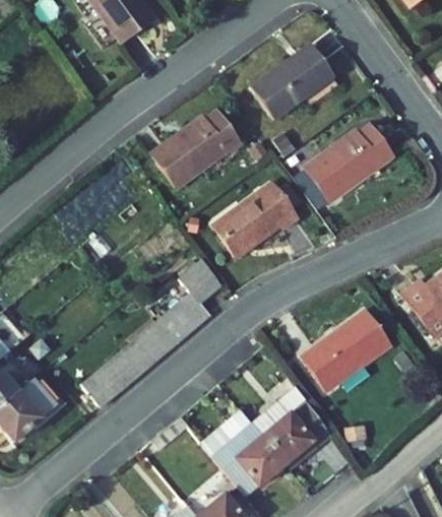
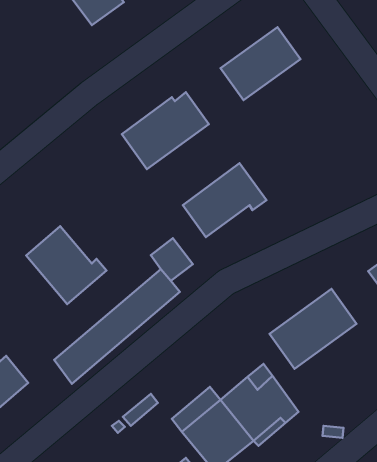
building: [305,124,393,202] -> none
building: none -> [26,226,107,304]

